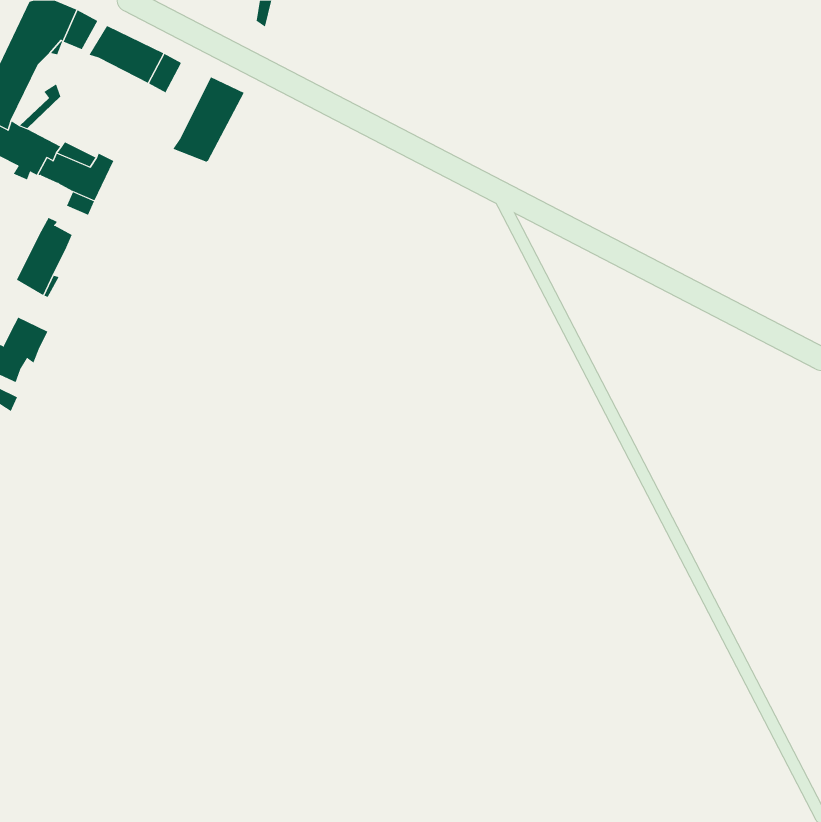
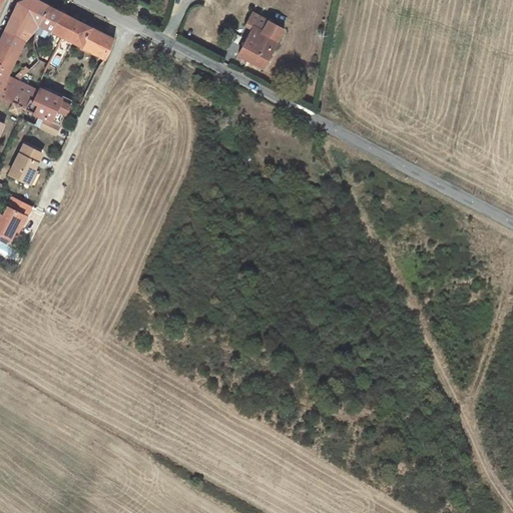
building: none -> [238,13,283,67]
building: [172,77,244,163] -> none

